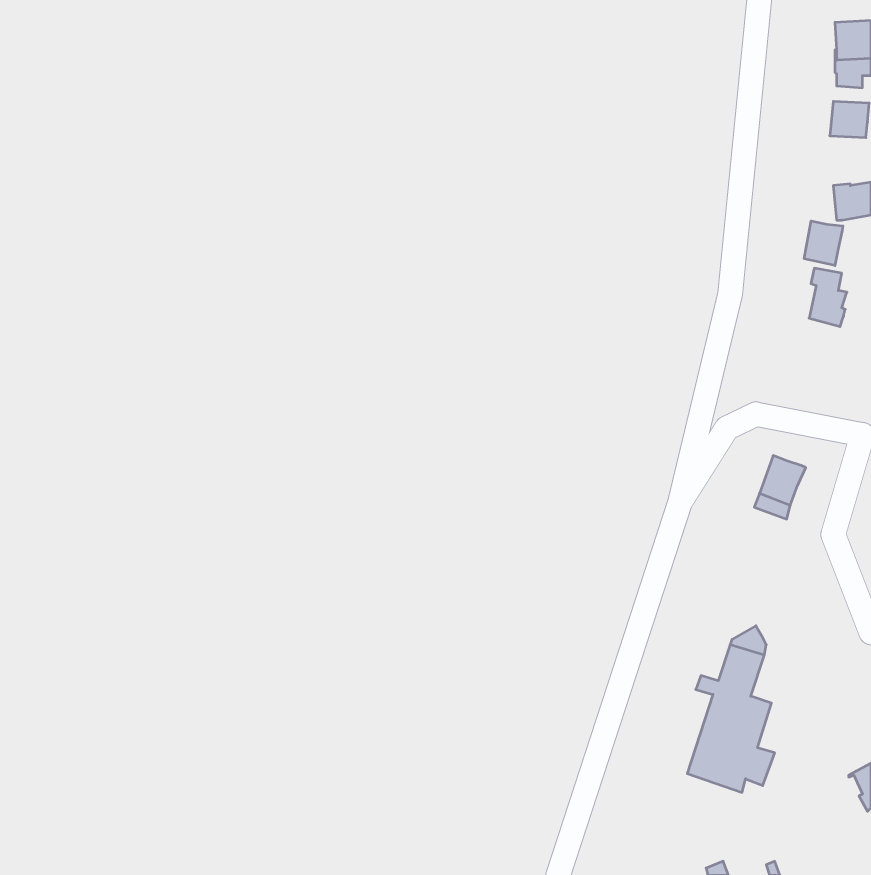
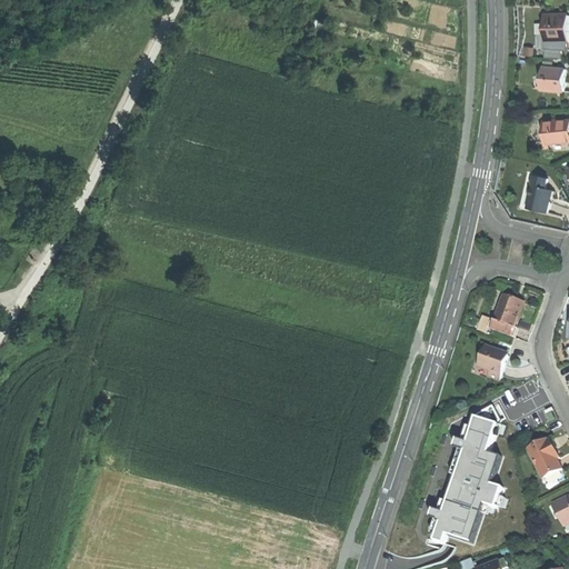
building: [804,221,843,266] -> none
building: none -> [475,346,505,378]
building: none -> [523,437,559,478]
building: none -> [428,500,480,543]

